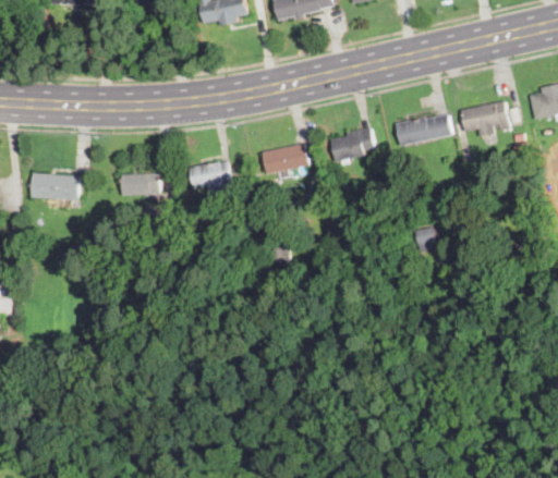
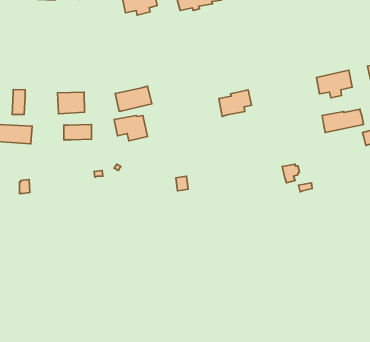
building: [396,113,451,145] -> [322,109,363,133]
building: none -> [12,90,25,115]
building: none -> [57,92,85,114]
building: [259,142,308,175] -> [115,86,152,111]

